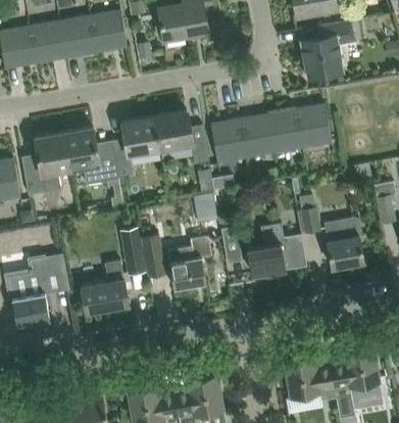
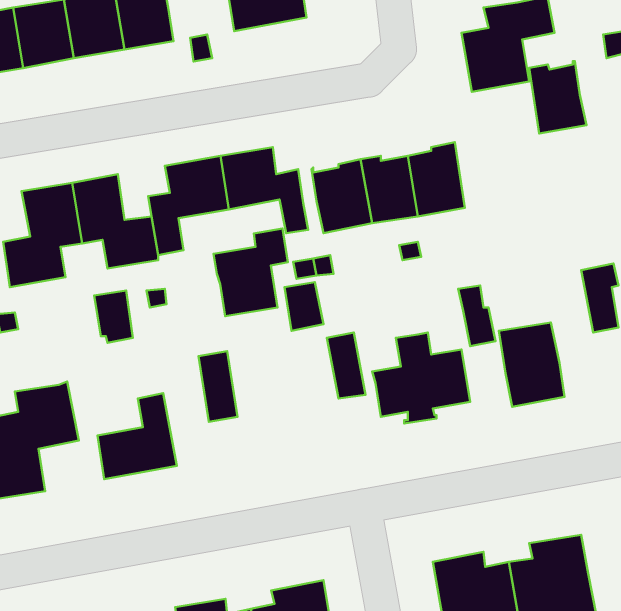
building: [297,105,332,149] -> [529,61,586,133]
building: [118,229,142,261] -> [94,291,133,343]
building: [166,236,211,289] -> [214,228,288,316]

